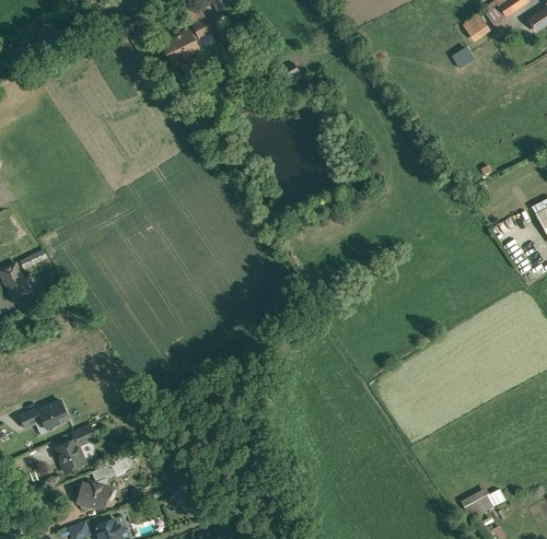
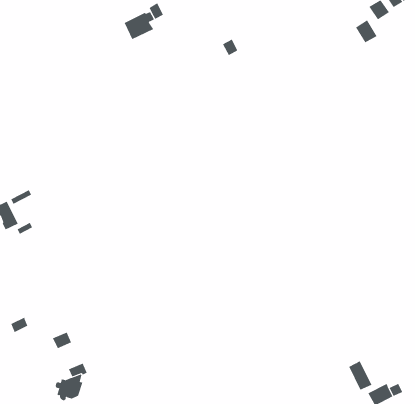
building: [39,401,68,427] -> none
building: [58,440,86,471] -> none
building: none -> [349,360,372,391]

